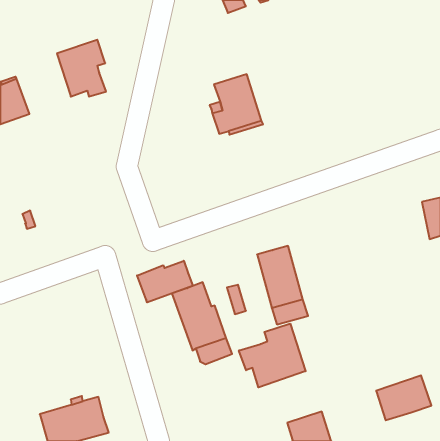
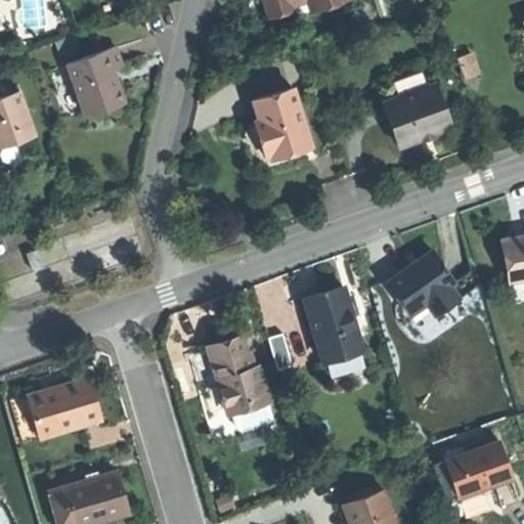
building: none -> [384,84,452,146]
building: none -> [391,253,460,316]
building: [137,261,193,302] -> none
building: none -> [25,377,95,434]
building: [239,324,306,387] -> none

